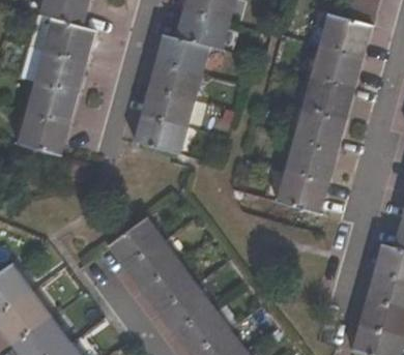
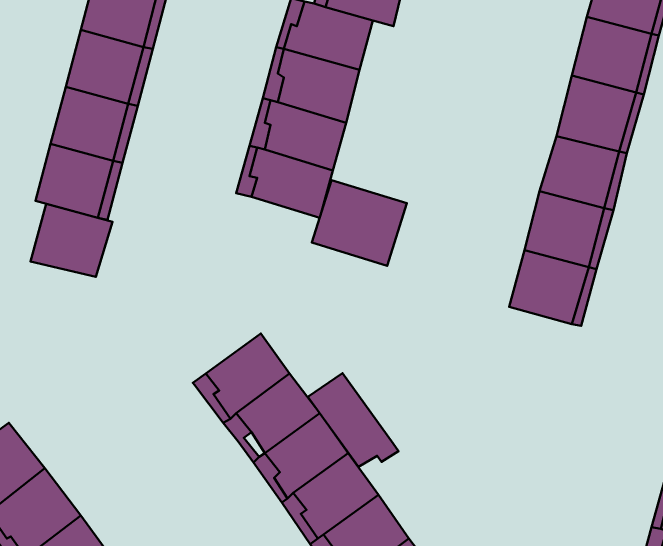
building: none -> [312,180,407,266]
building: none -> [31,204,113,277]
building: none -> [308,373,399,467]

